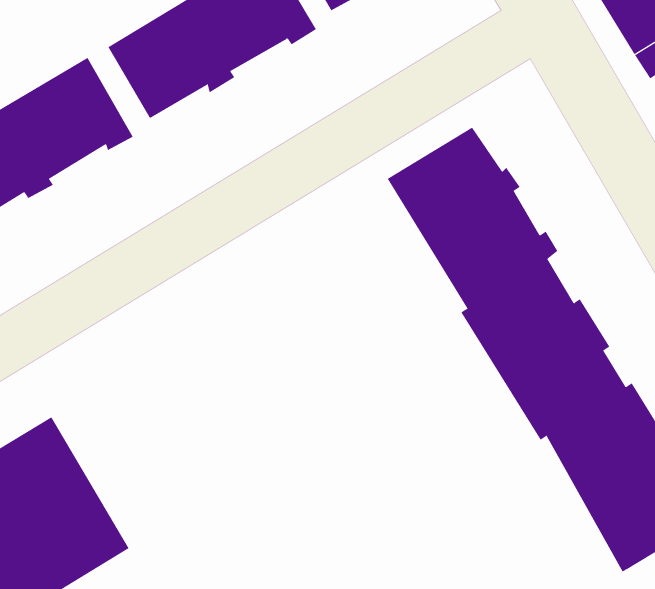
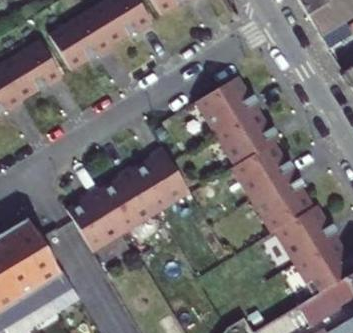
building: none -> [65,147,190,251]

